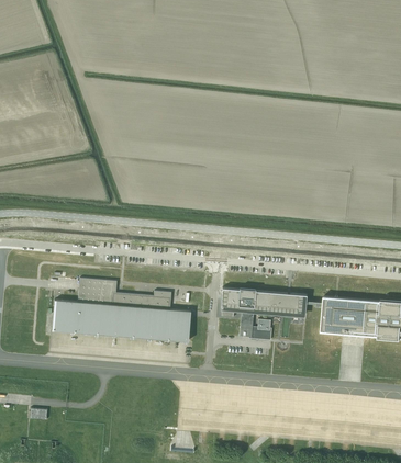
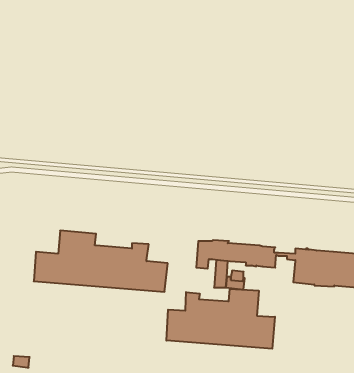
building: none -> [166,289,275,349]

